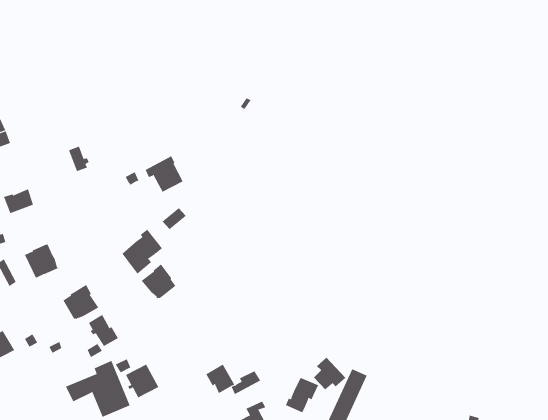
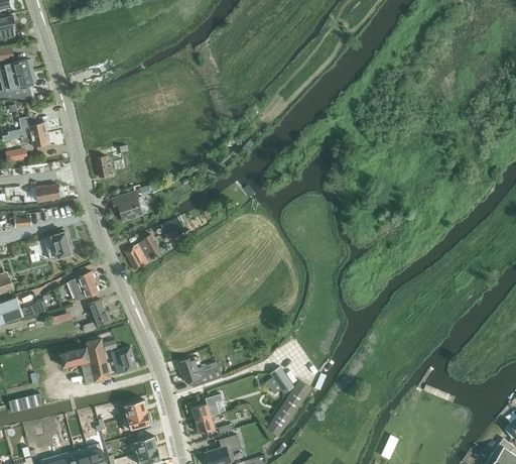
building: [145,156,183,192] -> [112,191,142,220]
building: [141,263,176,299] -> none
building: [285,377,319,413] -> none

